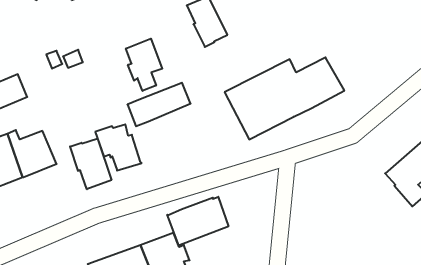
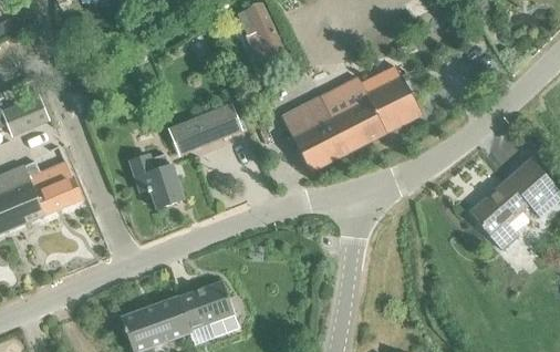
building: [126,39,162,91] -> none
building: [70,138,111,189] -> none
building: [167,197,228,246] -> none

